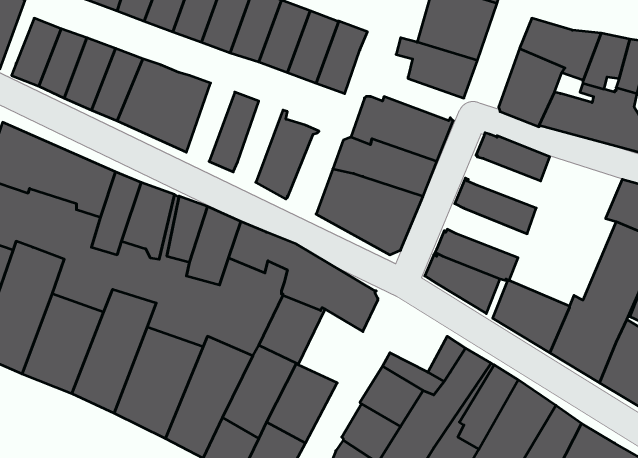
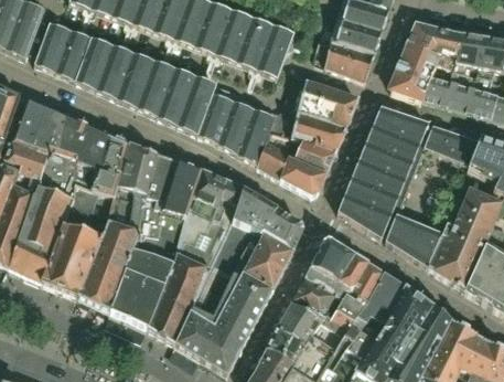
building: none -> [163,68,199,126]
building: none -> [197,82,234,141]
building: none -> [236,104,278,165]
building: none -> [367,121,480,163]
building: none -> [352,157,412,197]
building: none -> [245,234,292,288]
building: none -> [312,238,354,280]

